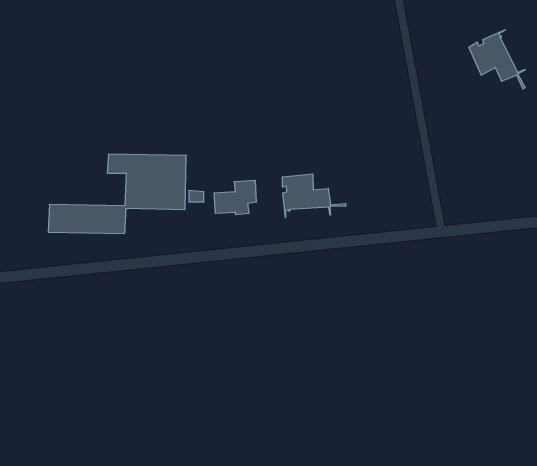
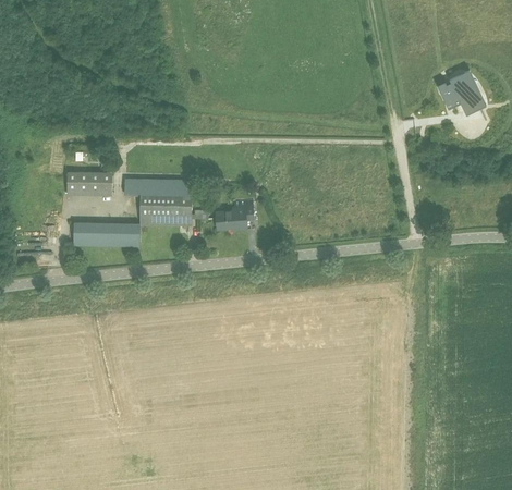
building: none -> [68,175,113,196]
building: [283,174,346,218] -> none

